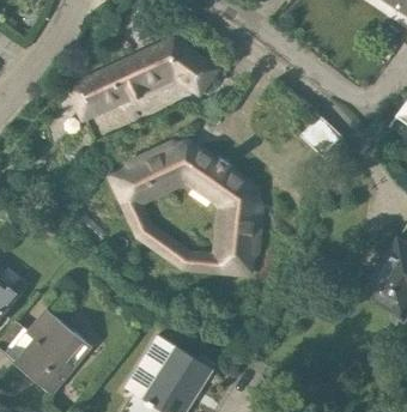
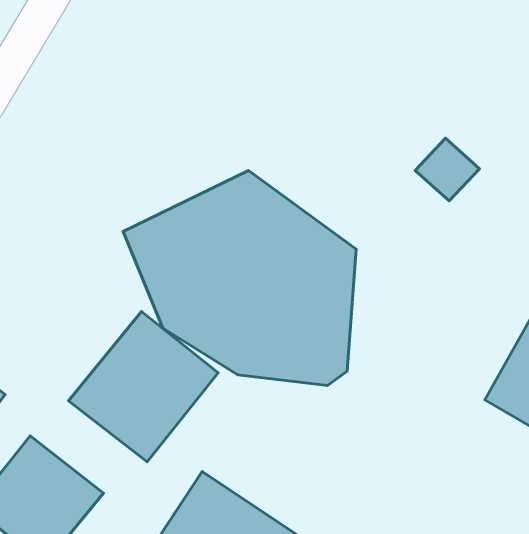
building: [60,34,224,126] -> none
building: none -> [68,311,218,462]

